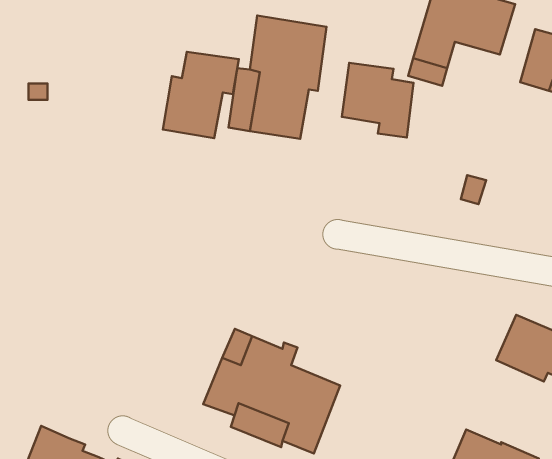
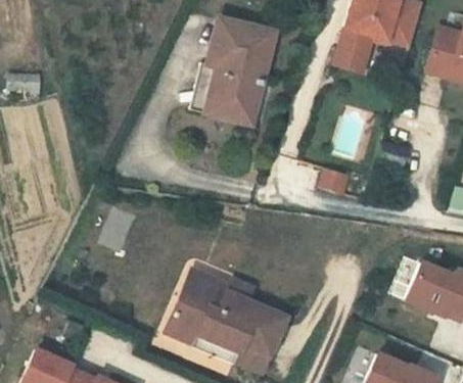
building: [163,52,239,138] -> none
building: [342,63,413,138] -> none

